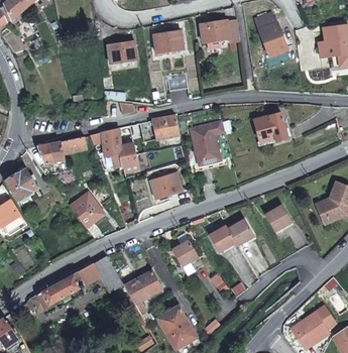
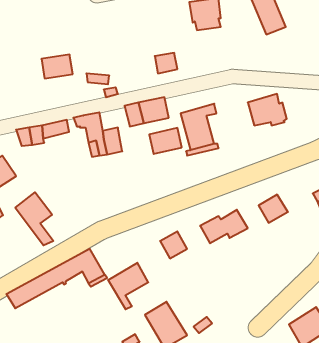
building: [152,30,183,53] -> none
building: [107,41,136,64] -> [41,55,73,78]
building: [151,171,182,196] -> [149,128,182,154]
building: [69,191,104,240] -> [15,192,53,245]

